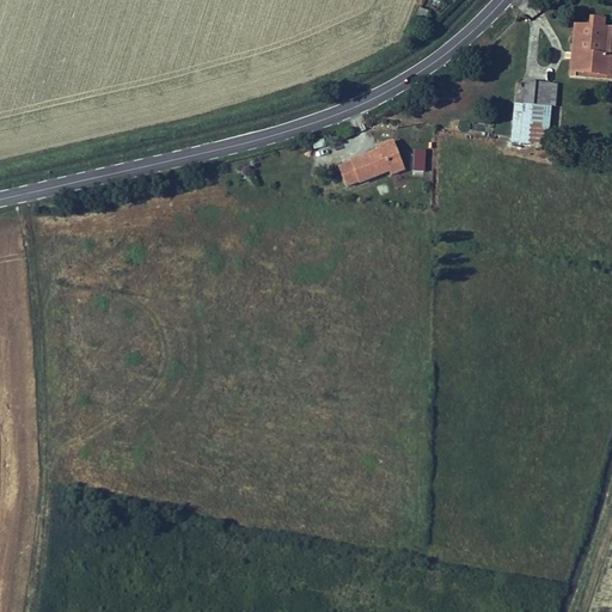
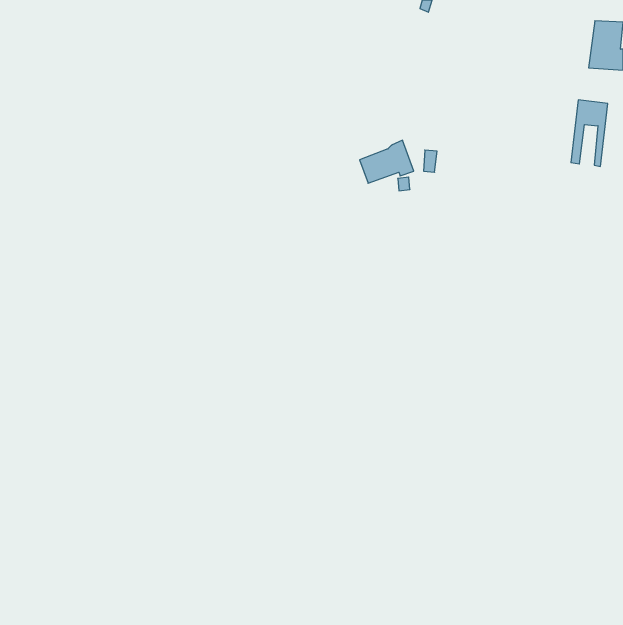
building: [518,78,553,142] -> [571,100,608,166]

